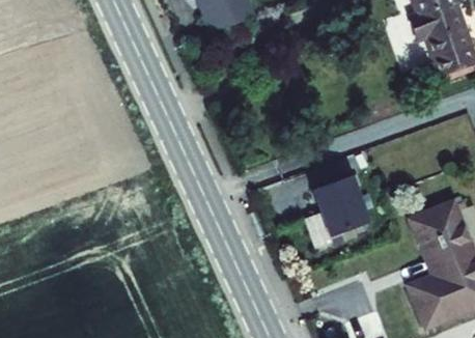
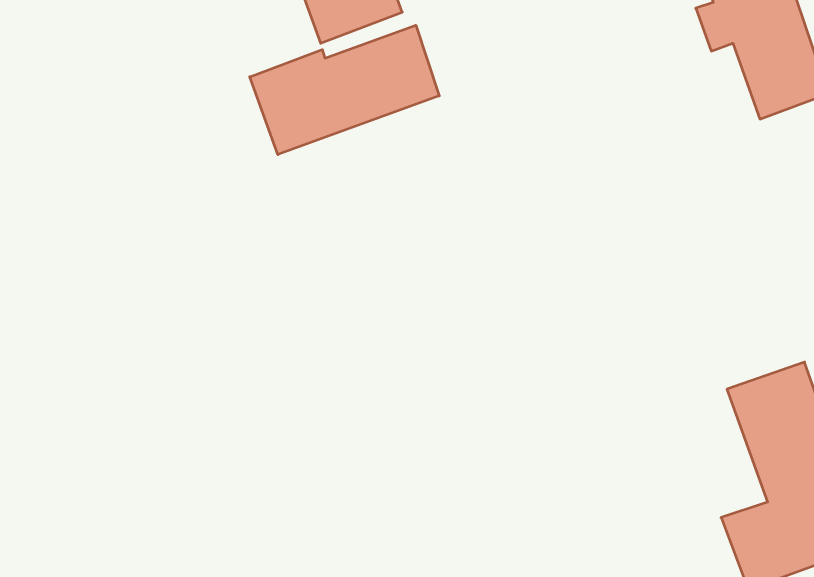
building: none -> [250,25,439,155]
building: [312,176,366,237] -> none

